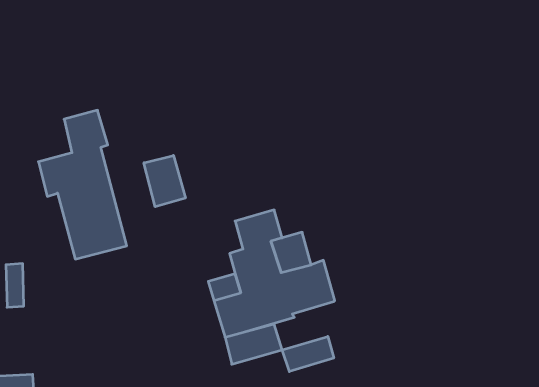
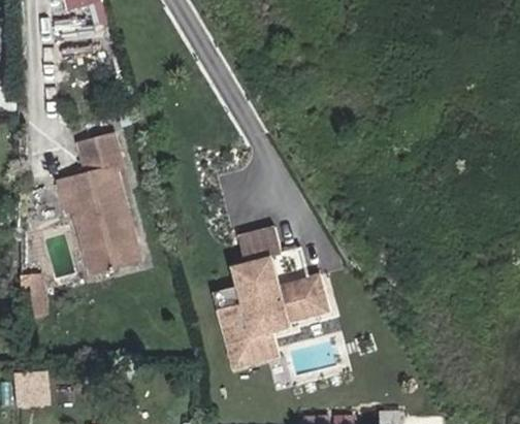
building: [144,155,185,207] -> none
building: [282,336,334,372] -> none

